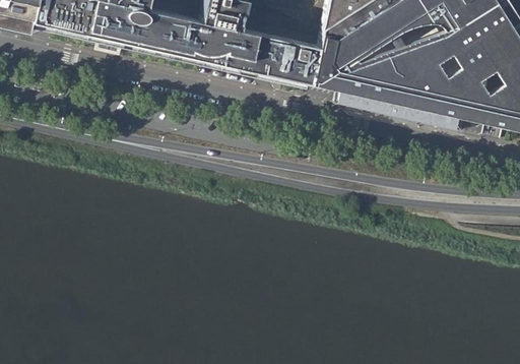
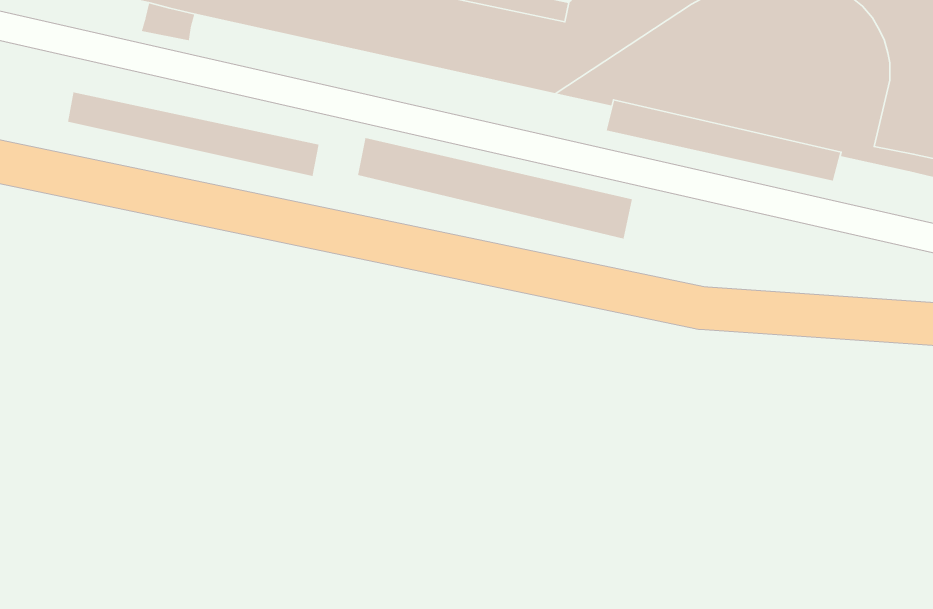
building: none -> [67,91,320,177]
building: none -> [357,137,633,240]

